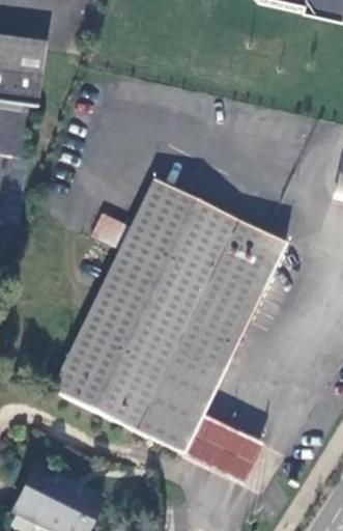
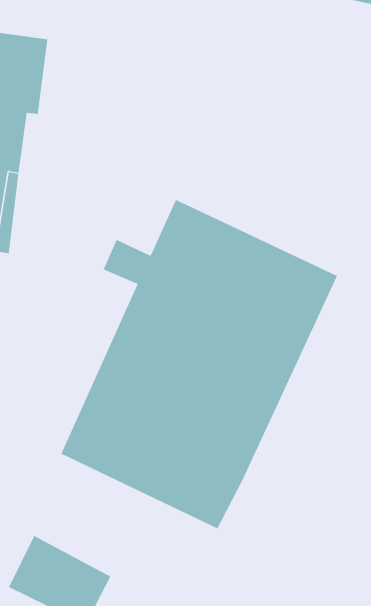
building: [188,415,266,485] -> none

